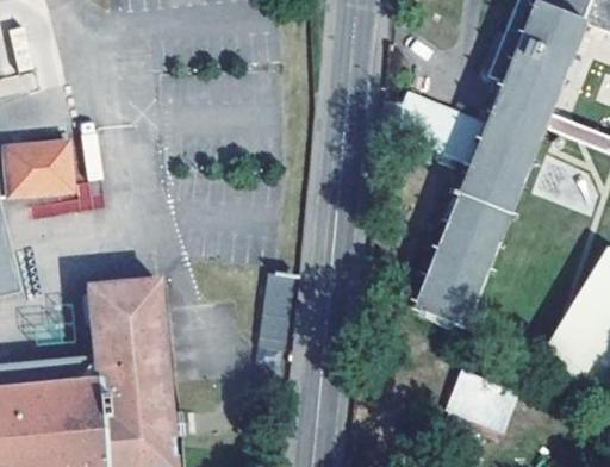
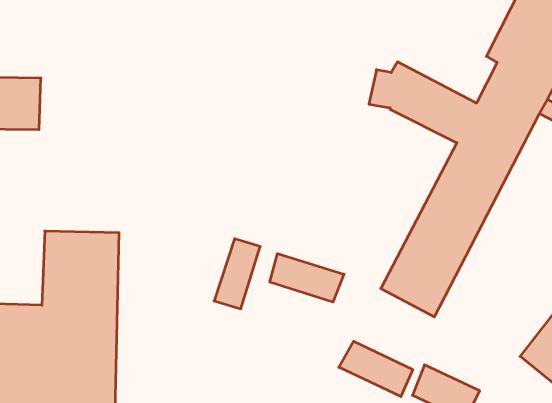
building: none -> [270,254,344,302]
building: none -> [339,341,413,397]

